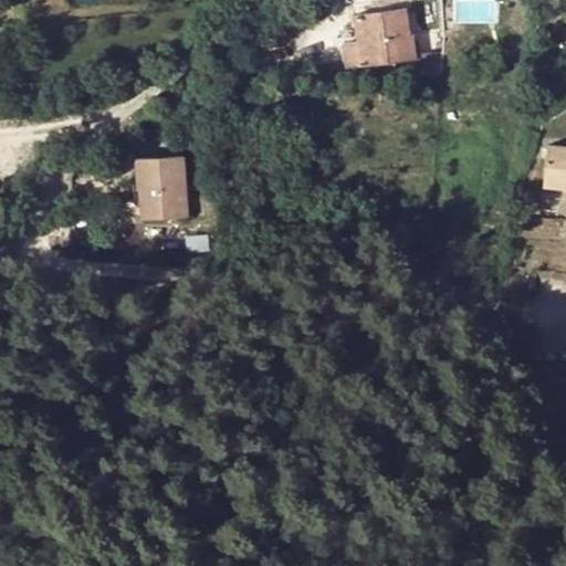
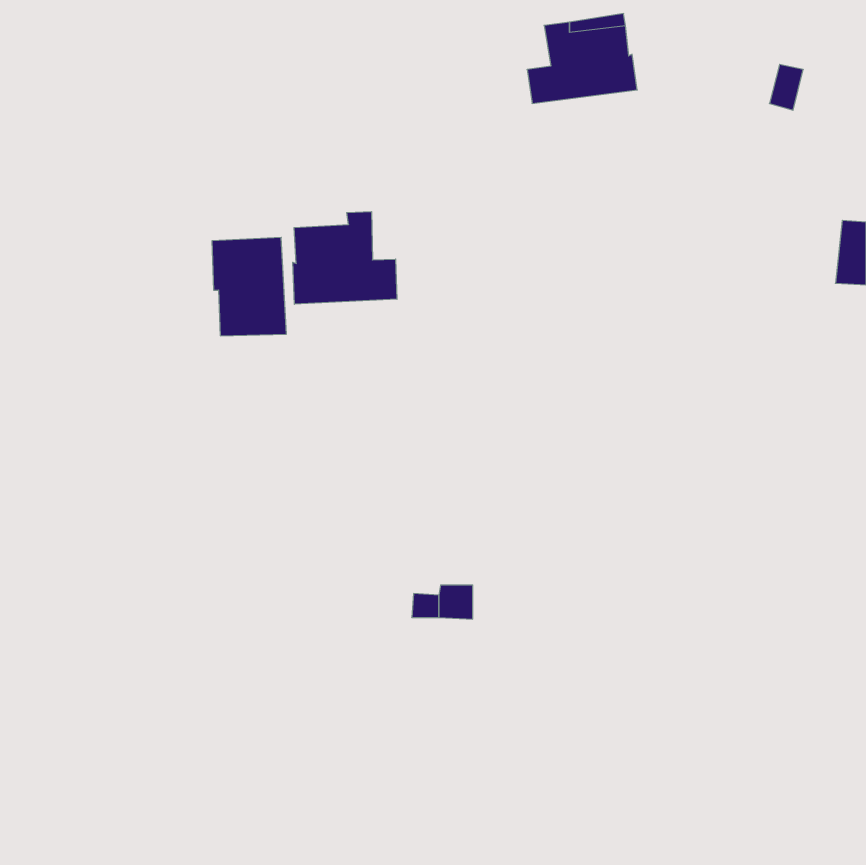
building: none -> [293,212,397,304]

